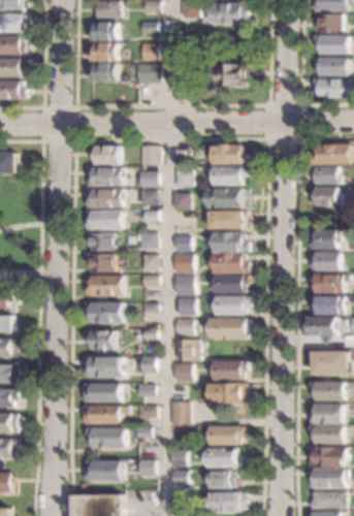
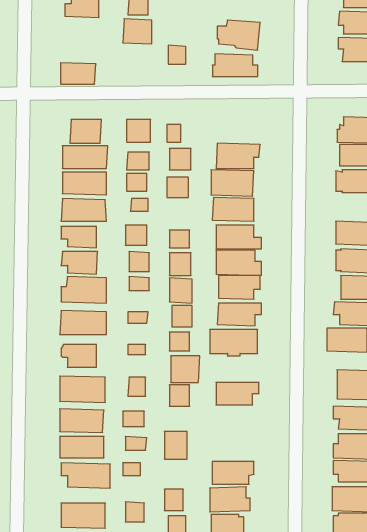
building: [89,63,118,80] -> [61,63,96,84]
building: [211,144,248,163] -> [212,54,258,76]
building: [208,383,248,402] -> none

